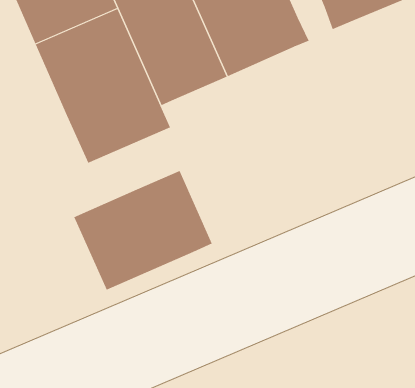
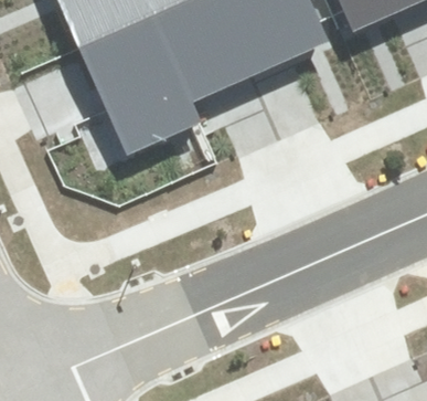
building: [74,170,213,290] -> none

